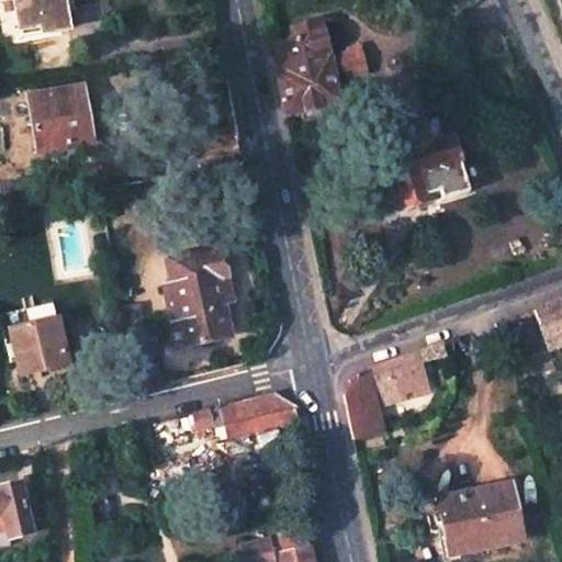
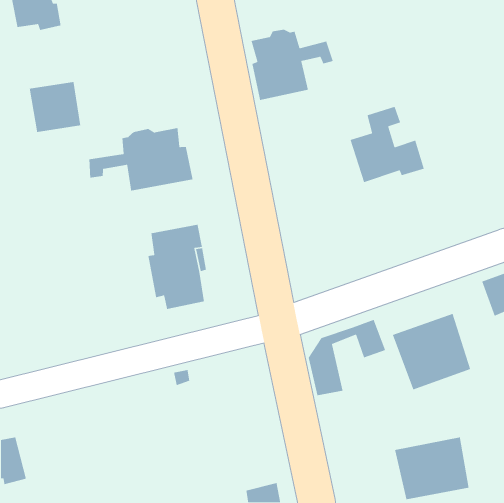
building: none -> [89,127,193,191]
building: [11,317,68,374] -> none
building: none -> [392,313,471,391]
building: [221,394,299,436] -> none

